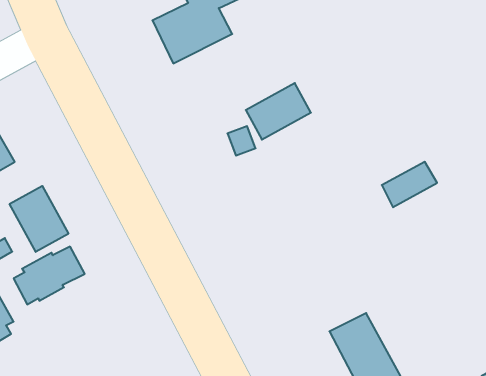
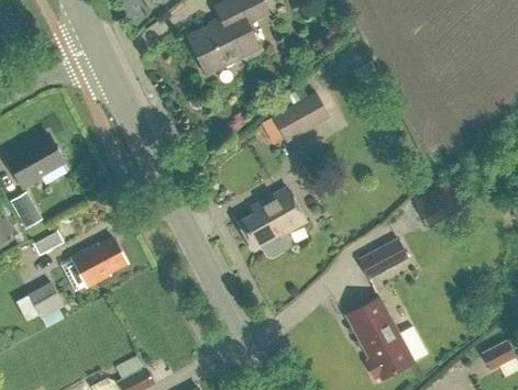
building: [382,162,437,207] -> [359,239,408,280]
building: [10,186,68,252] -> none
building: none -> [238,187,307,257]

